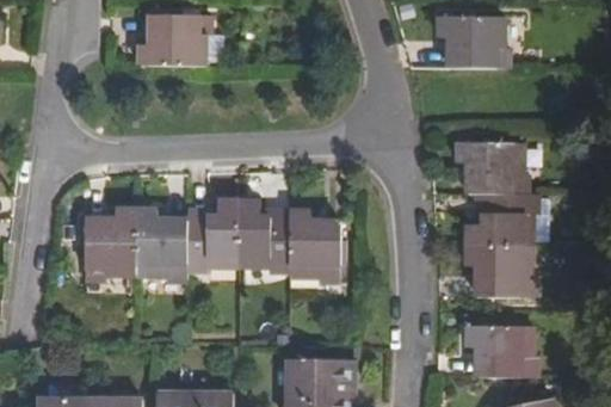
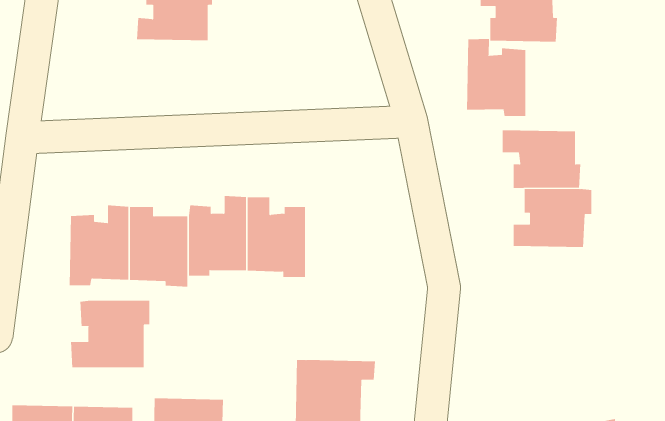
building: none -> [466,38,526,117]
building: [289,211,342,283] -> none
building: [468,246,537,298] -> none
building: none -> [70,300,150,368]
building: [468,327,536,378] -> none

